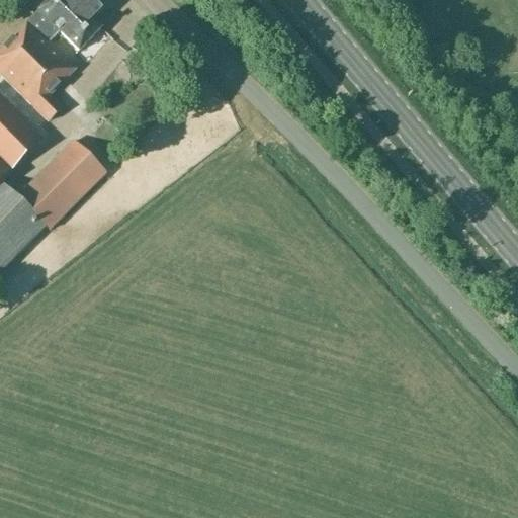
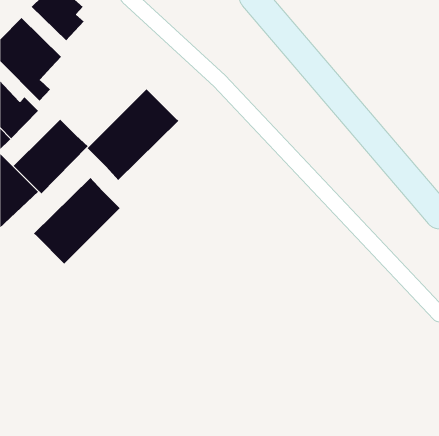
building: none -> [87,88,179,181]
building: none -> [33,177,121,264]

